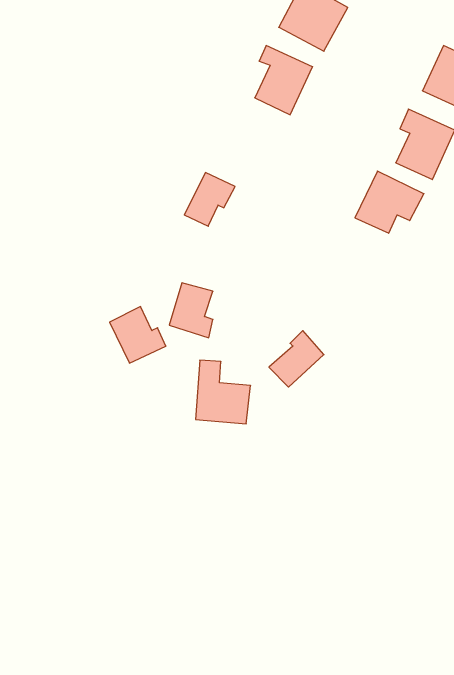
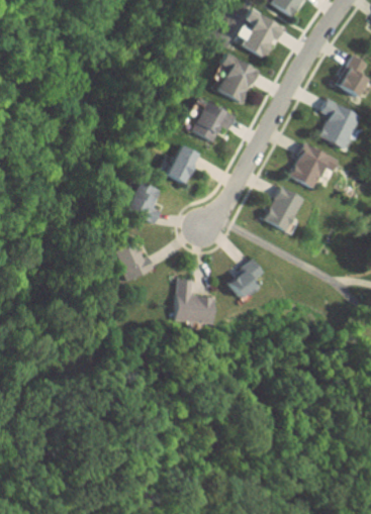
building: none -> [191,101,225,140]
building: none -> [263,186,303,234]
building: [169,283,213,338] -> [128,182,160,221]

